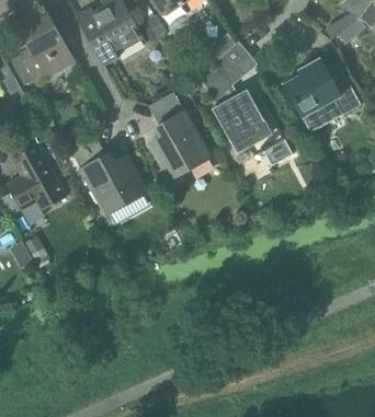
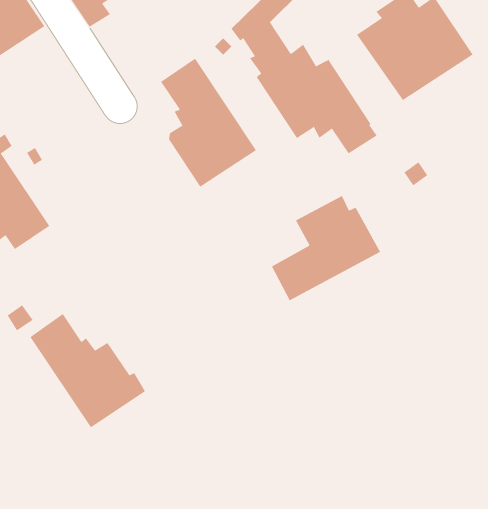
building: [70,136,146,215] -> [29,313,146,428]
building: none -> [271,195,381,301]

